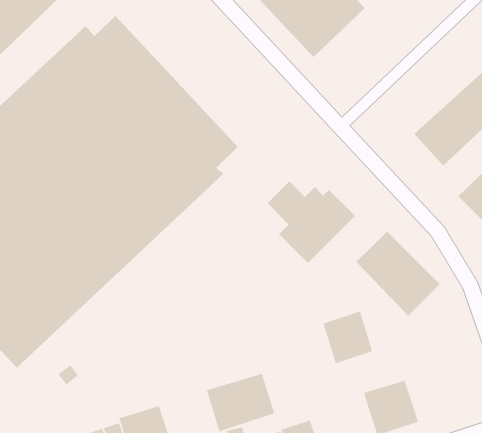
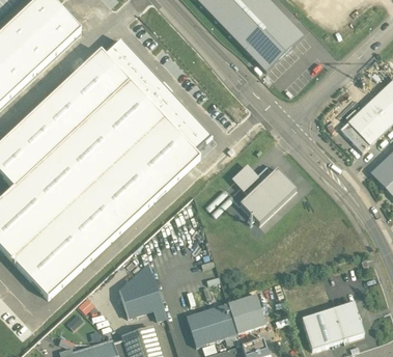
building: [356,231,441,316] -> none
building: [322,311,373,364] -> [228,294,265,333]
building: none -> [118,259,167,320]
building: none -> [333,301,364,339]

